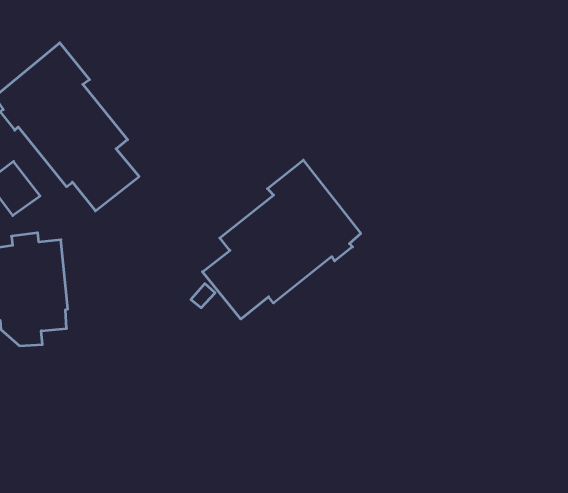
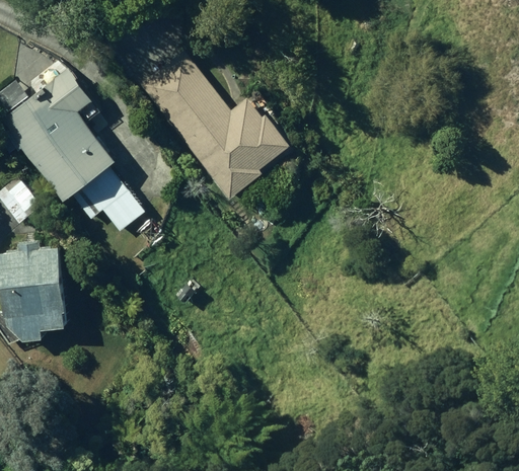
building: none -> [140,53,290,200]
building: [202,160,361,319] -> none

